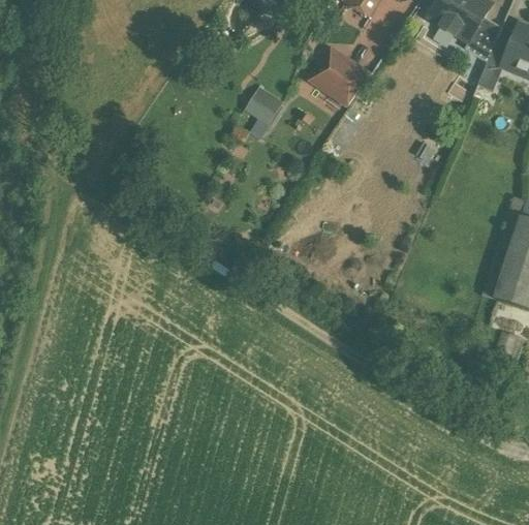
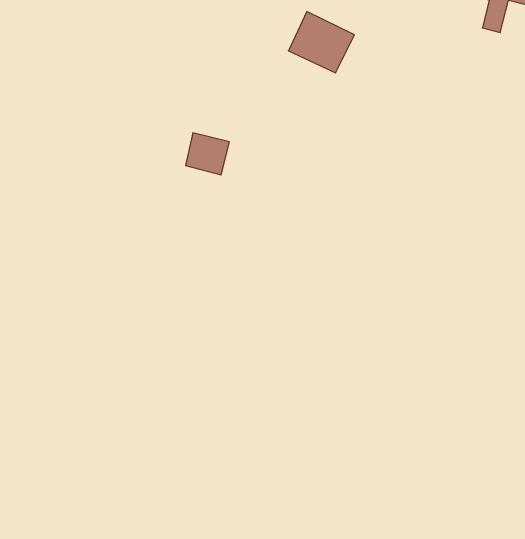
building: [241,84,281,123] -> [186,133,229,175]

